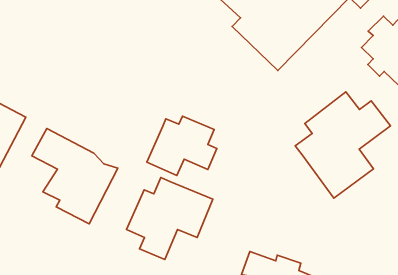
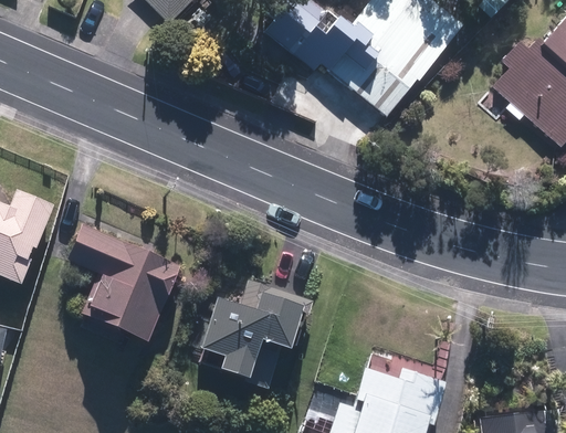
building: [295,92,390,198] -> none
building: [147,116,217,175] -> none

